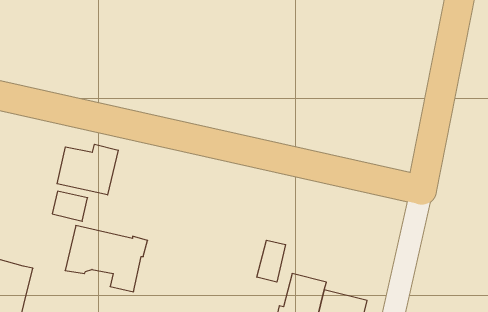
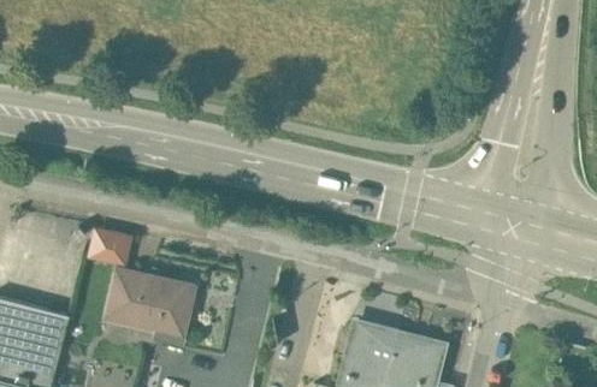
building: [57,144,118,195] -> none
building: [257,240,286,282] -> none

